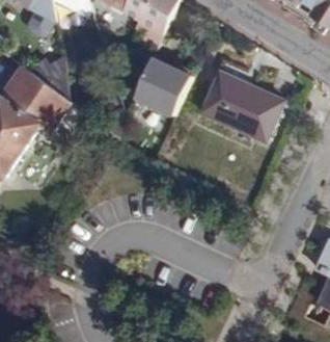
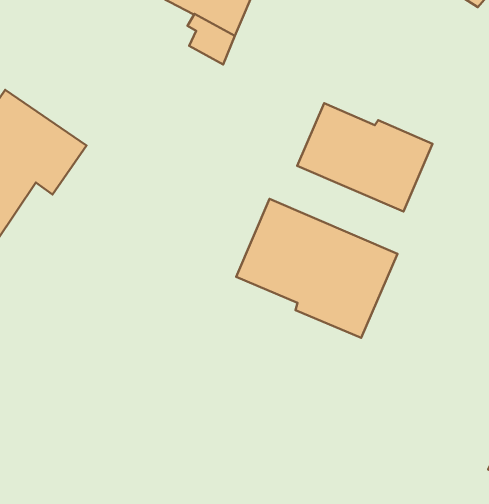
building: [135,56,192,112] -> none
building: none -> [236,199,398,338]

